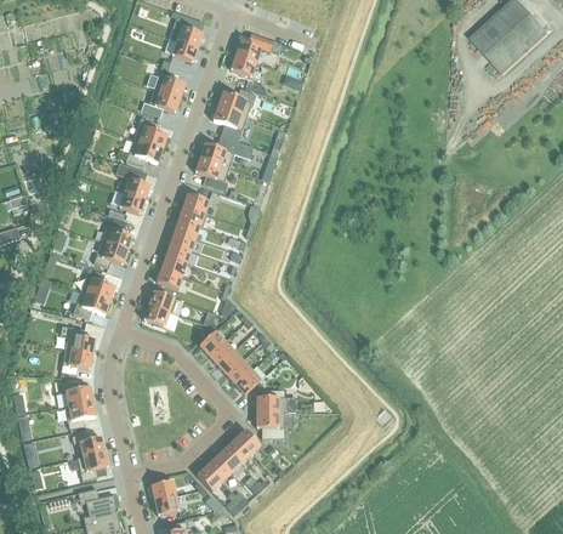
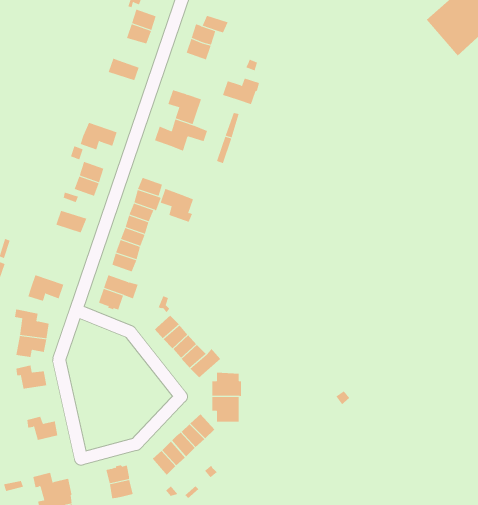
building: [142,89,181,117] -> none
building: [218,89,256,115] -> [222,78,260,105]
building: [135,117,169,148] -> none
building: [195,157,229,191] -> [160,188,194,222]
building: [95,240,127,267] -> none
building: [81,268,115,300] -> none
building: [66,400,96,427] -> none
building: [78,450,108,479] -> none

